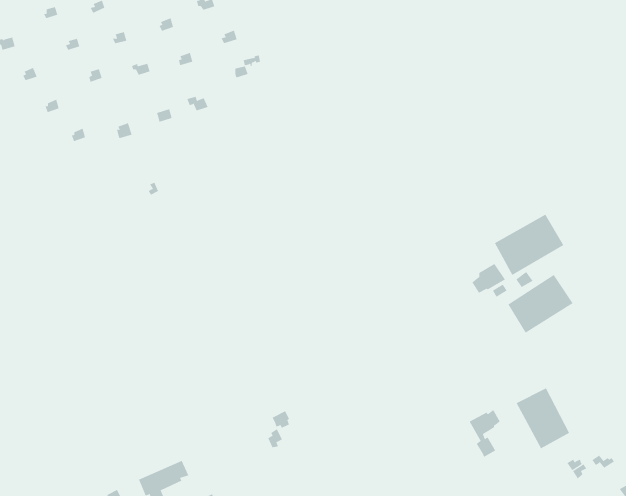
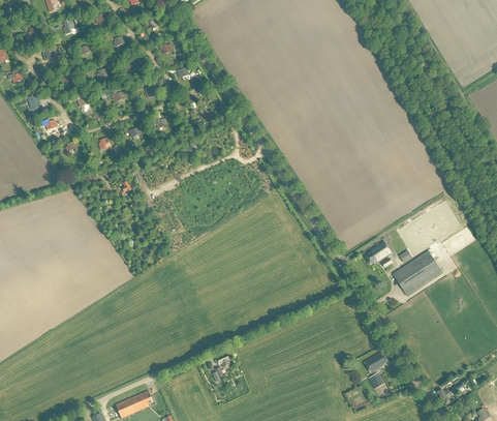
building: [494,214,564,276] -> none
building: [516,388,570,449] -> none

